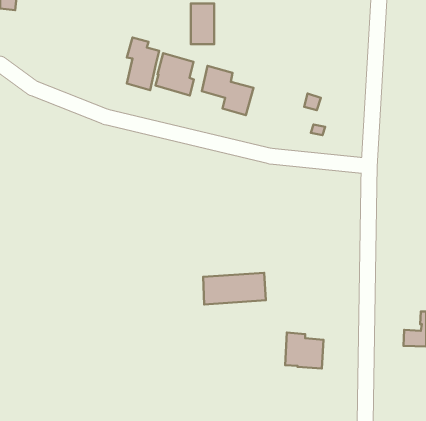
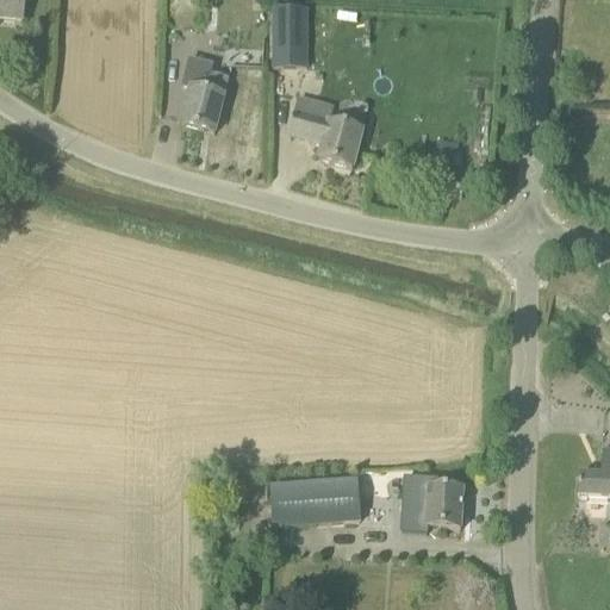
building: [155,53,194,96] -> none
building: [203,273,266,304] -> [270,478,360,523]

